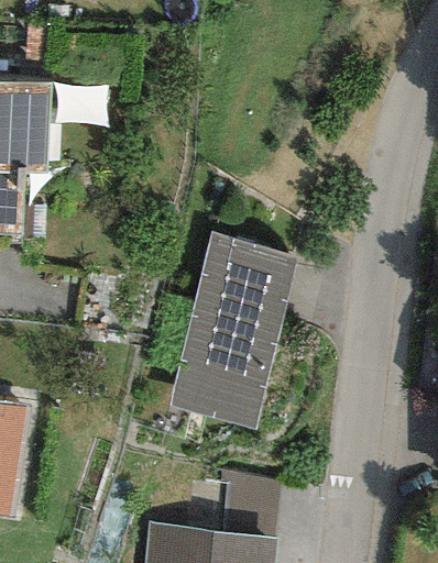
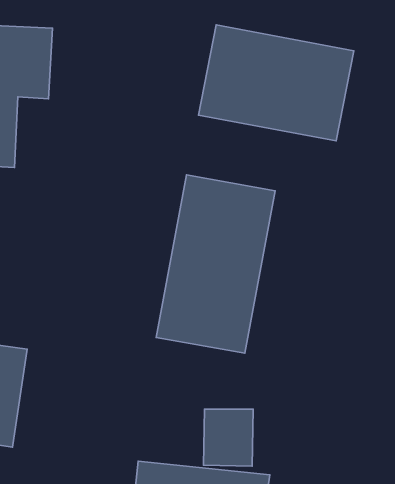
building: none -> [199,25,354,141]

